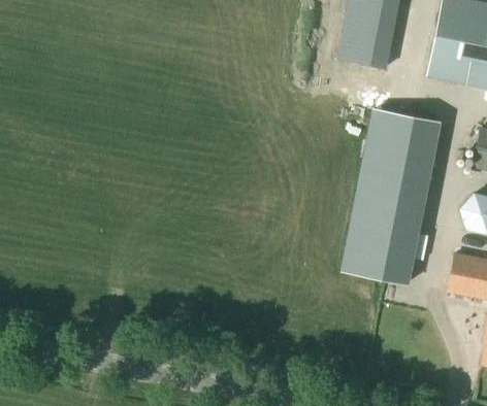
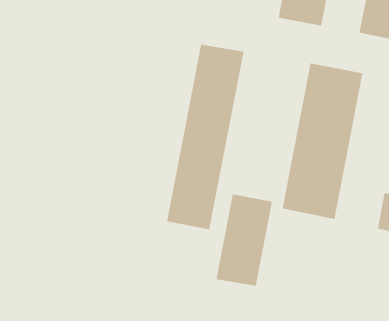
building: none -> [166,44,244,230]
building: none -> [216,193,273,287]

